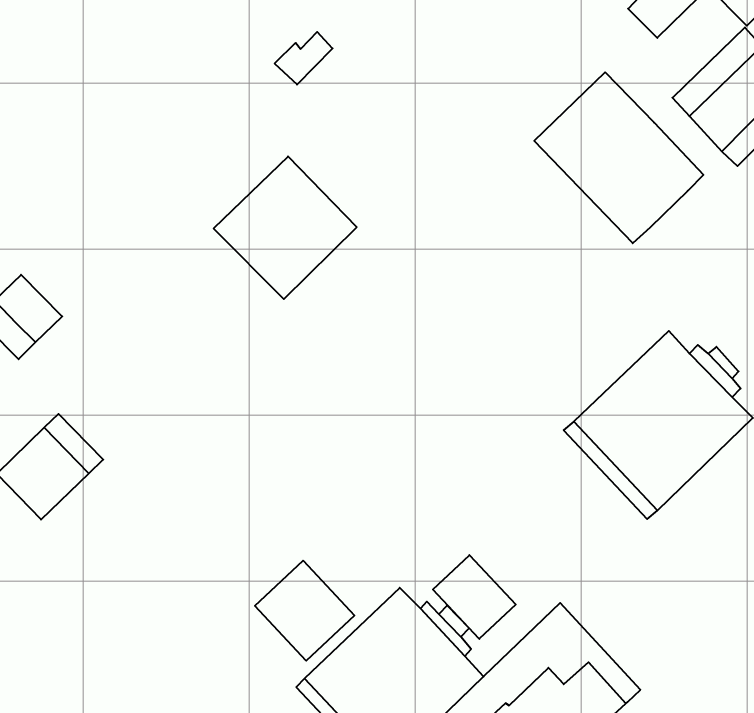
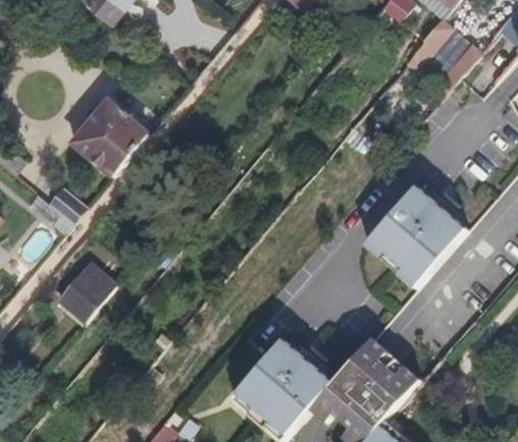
building: [534,72,703,243] -> none
building: [214,156,357,299] -> [70,99,148,176]
building: [433,555,516,639] -> none
building: [255,561,354,661] -> none

